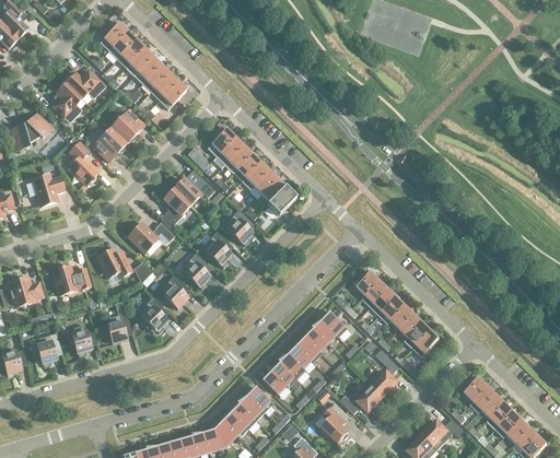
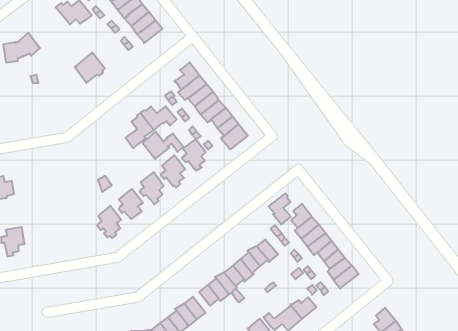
building: [54,80,82,120] -> none
building: [110,107,145,142] -> none
building: [69,141,98,184] -> none
building: [33,174,65,205] -> none
building: [128,221,174,251] -> [143,132,183,159]
building: [97,248,132,277] -> none
building: none -> [269,193,291,225]
building: [52,265,90,294] -> none
building: [104,310,131,342] -> none
building: [69,324,96,355] -> none

